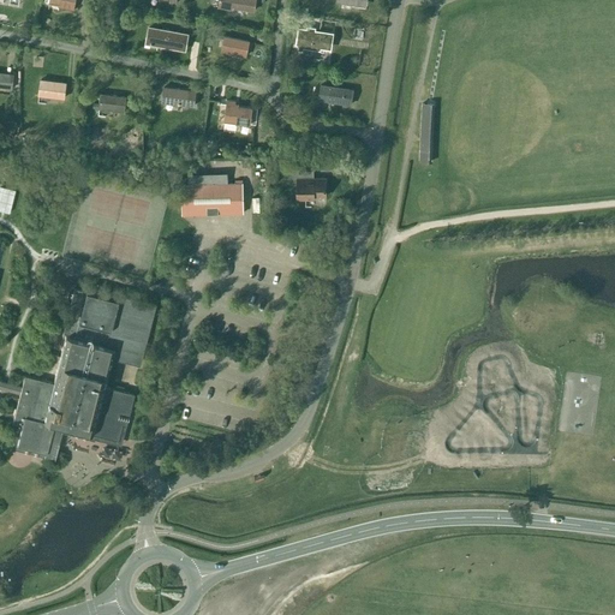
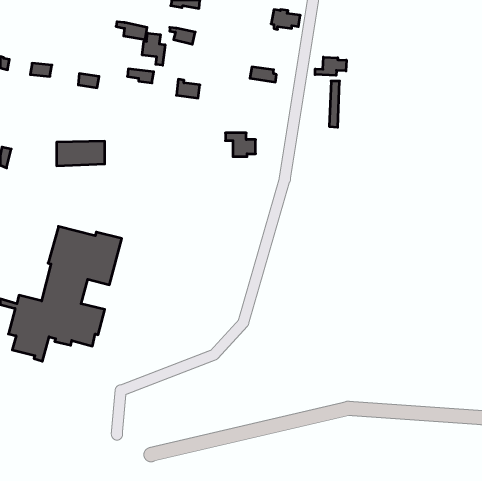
building: [294,28,332,53] -> [271,10,300,29]
building: none -> [142,33,165,65]
building: none -> [315,57,346,75]
building: [181,185,243,216] -> [57,141,105,166]

